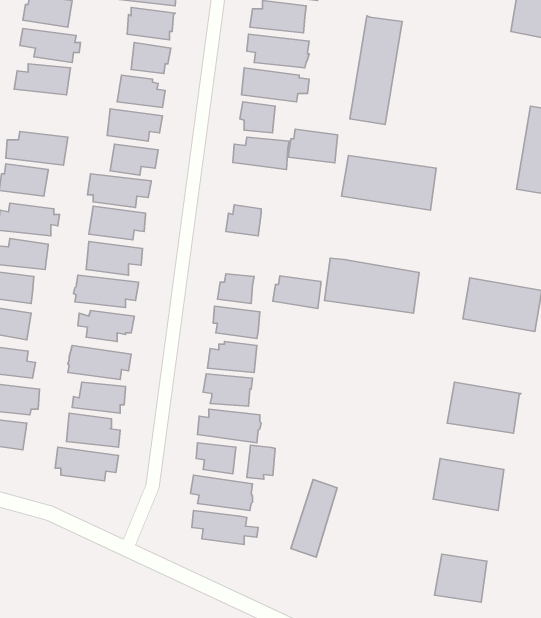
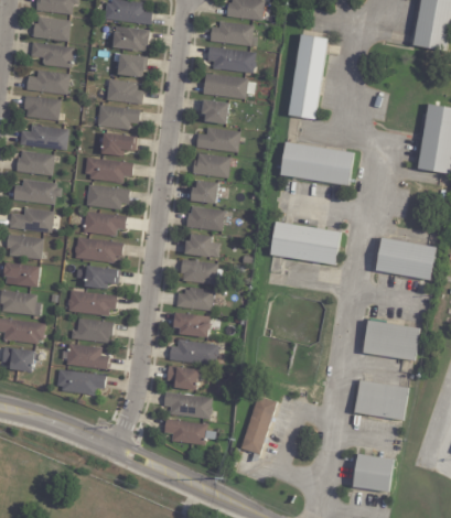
building: none -> [22,93,58,118]
building: [288,129,338,163] -> [192,152,230,179]
building: [273,276,321,308] -> [186,206,224,231]
building: [247,445,275,479] -> none

